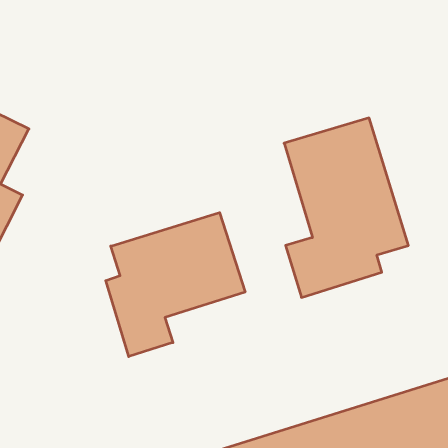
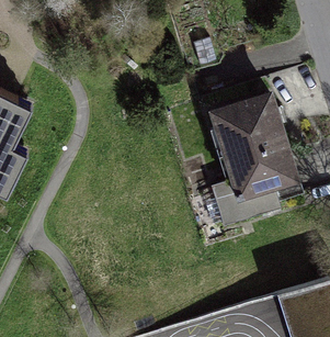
building: [106,213,245,357] -> none

